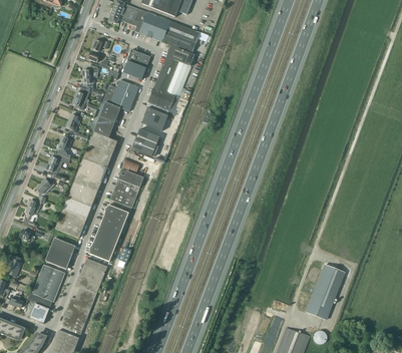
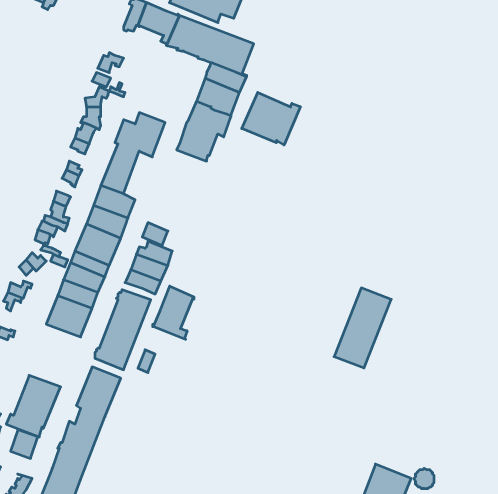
building: [123,52,151,81] -> none
building: none -> [242,92,300,145]
building: [141,107,168,131] -> none
building: [131,128,159,156] -> none
building: none -> [153,286,194,339]
building: [45,238,75,269] -> none
building: [305,264,345,320] -> [334,288,391,368]

